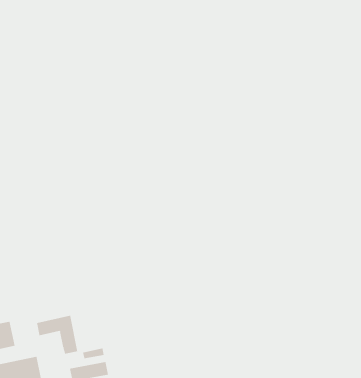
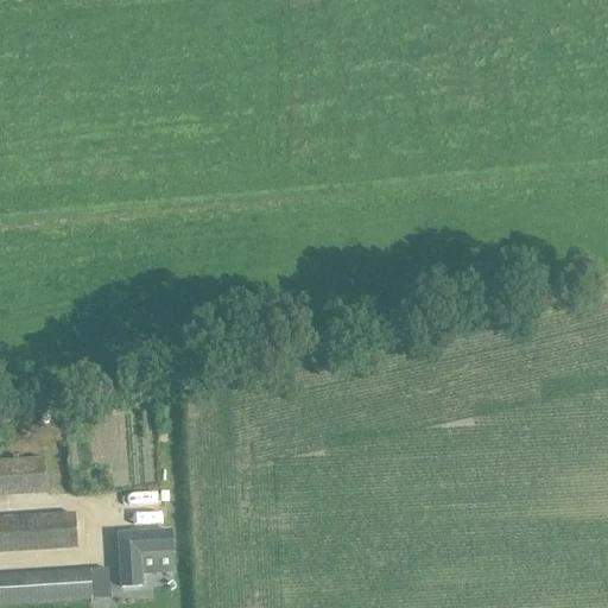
building: [36,315,78,355] -> none

